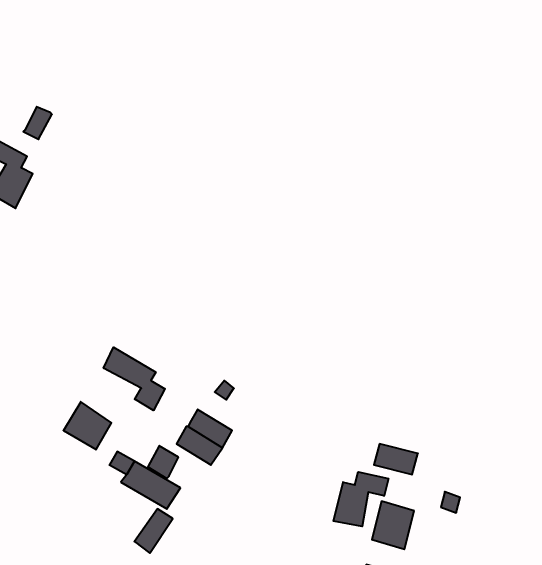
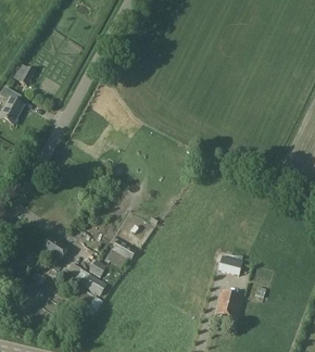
building: [104,347,165,410] -> none
building: [333,472,388,526] -> none

